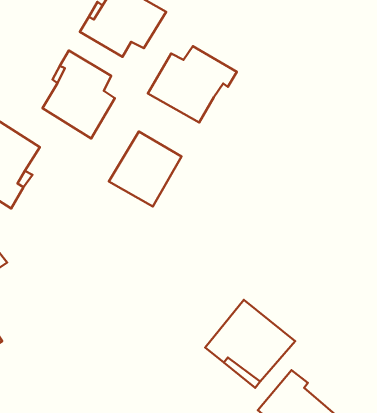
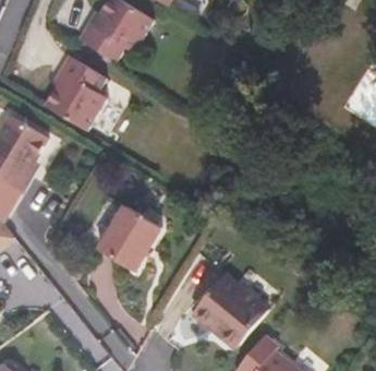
building: [148,46,237,122] -> none
building: [109,131,181,207] -> [96,206,159,272]

